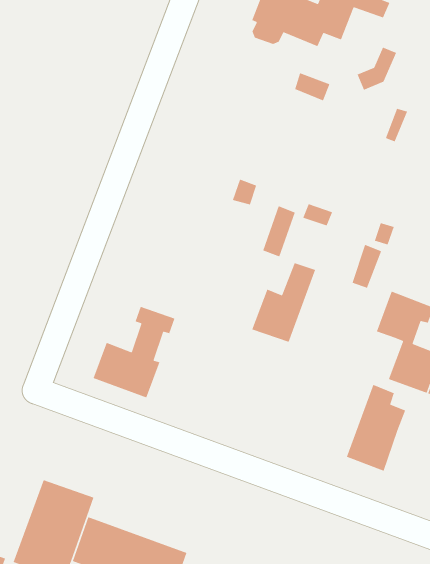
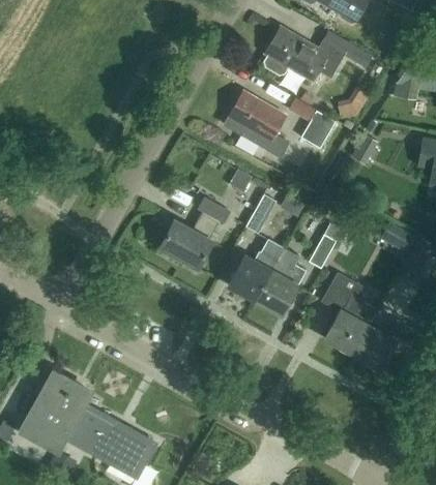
building: none -> [224,91,289,157]
building: none -> [301,110,336,147]
building: [93,306,175,399] -> [159,198,229,268]
building: [346,384,406,472] -> [255,247,306,314]

